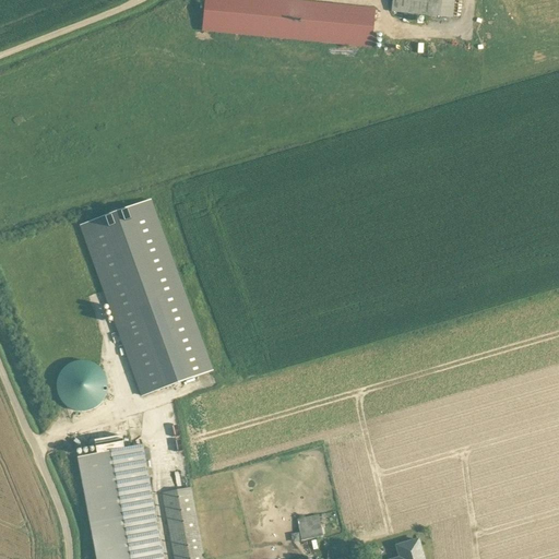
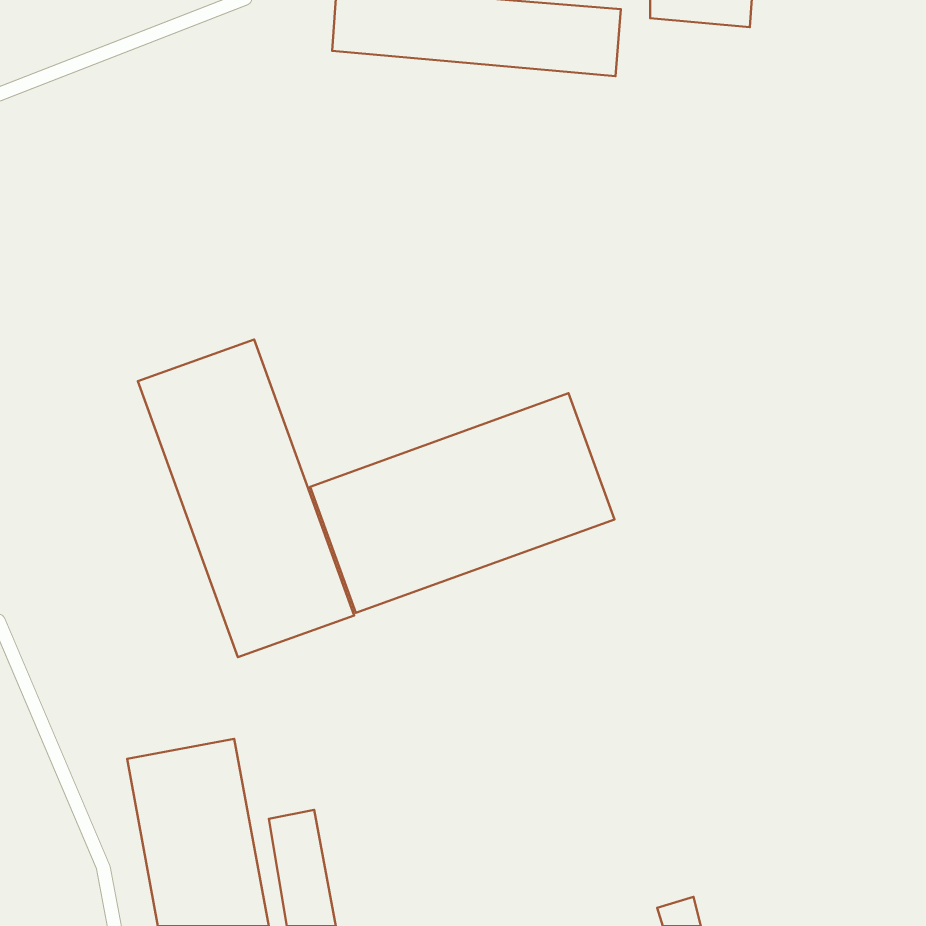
building: none -> [310,393,615,613]
building: [56,361,104,408] -> none
building: [296,515,321,540] -> none

